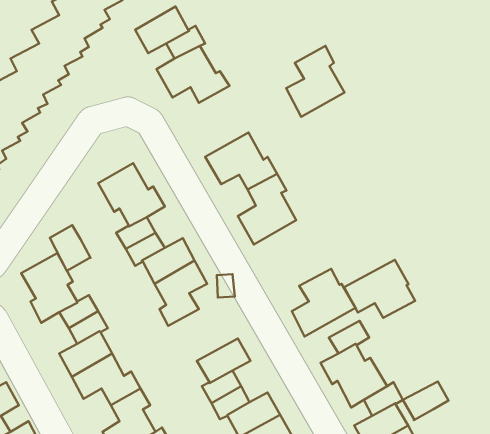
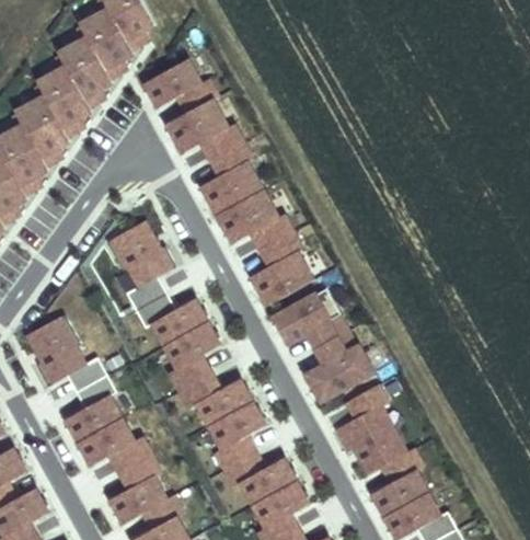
building: [286,46,344,117] -> [201,142,262,216]
building: [50,225,91,271] -> none
building: [344,260,415,318] -> [274,289,347,349]
building: none -> [178,374,251,427]
building: [403,381,449,420] -> none

